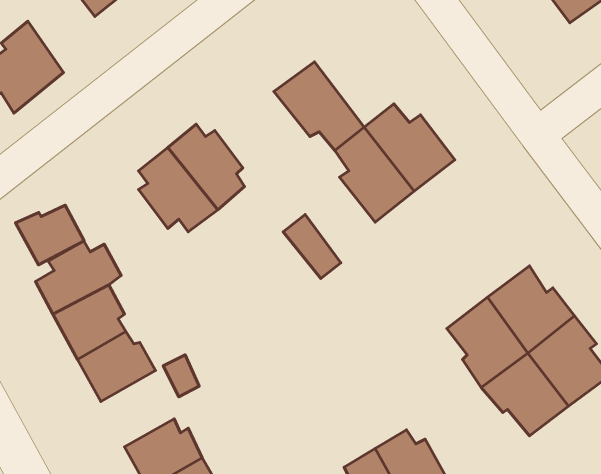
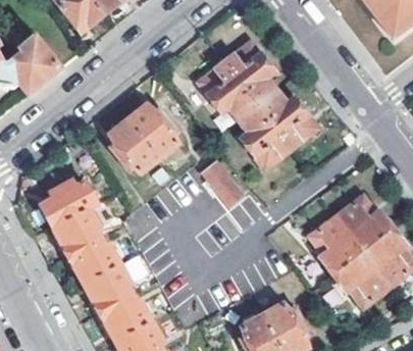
building: none -> [223,41,275,104]
building: [15,205,84,265] -> none
building: none -> [84,263,132,313]

